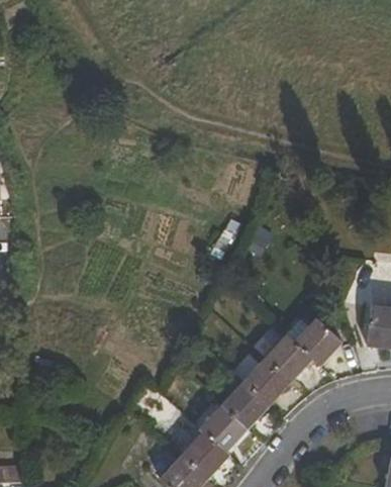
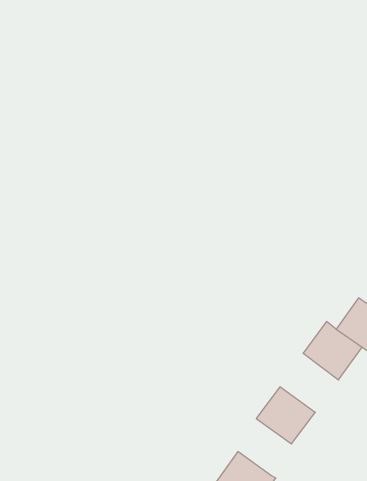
building: [241,357,290,406] -> none
building: [198,405,246,453] -> none

